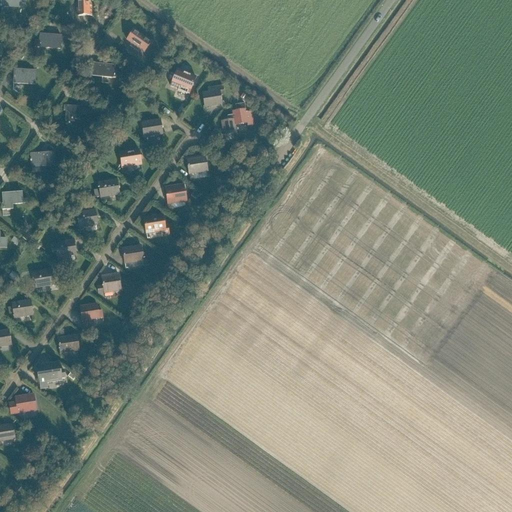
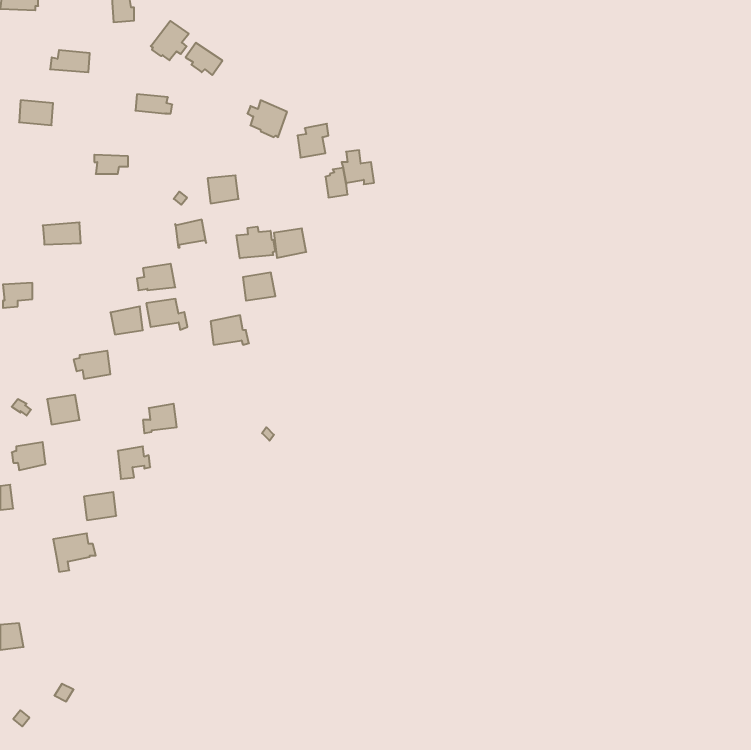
building: none -> [151,21,189,60]
building: none -> [236,227,275,258]
building: [122,245,150,266] -> [146,299,187,330]
building: [9,393,37,412] -> none

